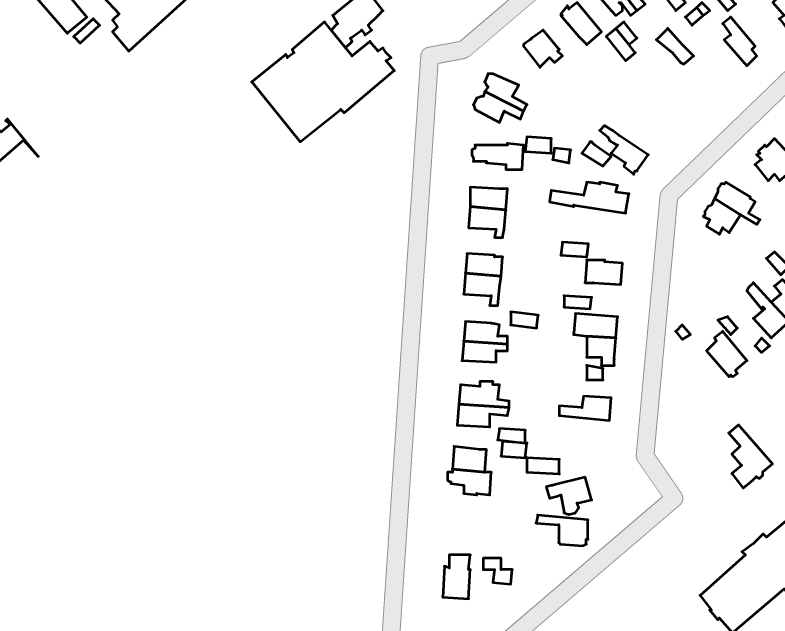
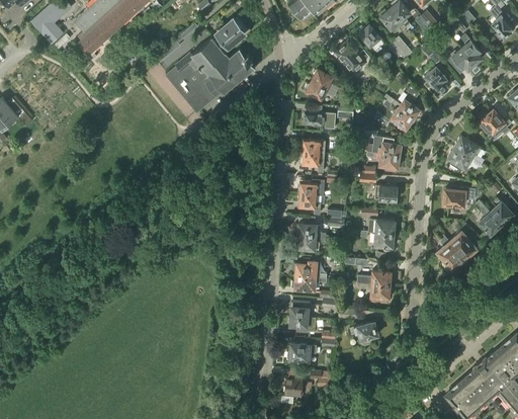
building: none -> [446,48,476,74]
building: none -> [425,64,449,94]
building: none -> [386,94,420,119]
building: none -> [366,151,400,172]
building: none -> [443,183,483,210]
building: [729,425,772,488] -> [437,234,464,273]
building: none -> [286,343,316,363]
building: [536,515,588,546] -> [357,282,390,302]

